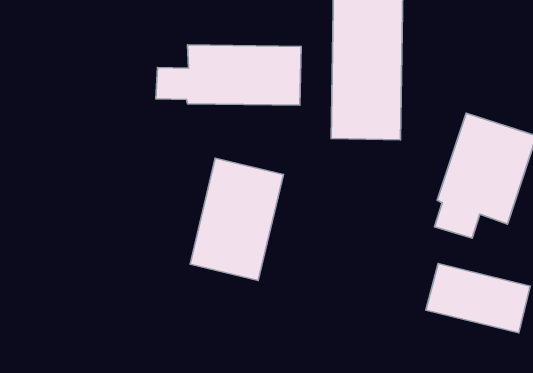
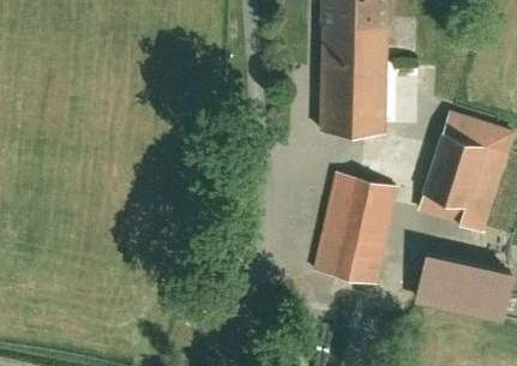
building: [156,45,301,105] -> none
building: [190,158,283,280] -> [313,172,402,288]

